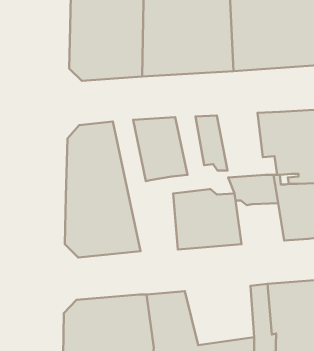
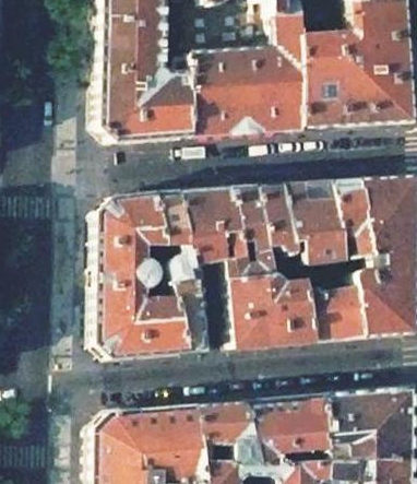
building: none -> [282,181,342,261]
building: none -> [226,186,273,281]
building: none -> [154,190,207,352]
building: none -> [305,290,365,343]
building: none -> [242,394,327,468]

